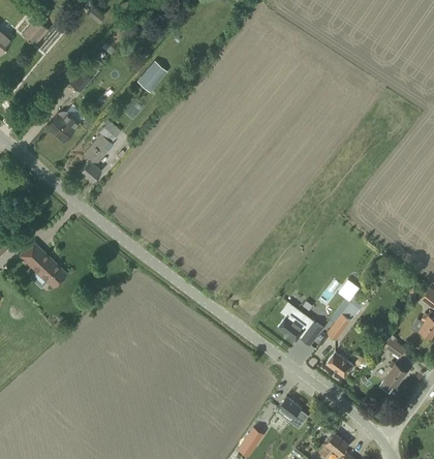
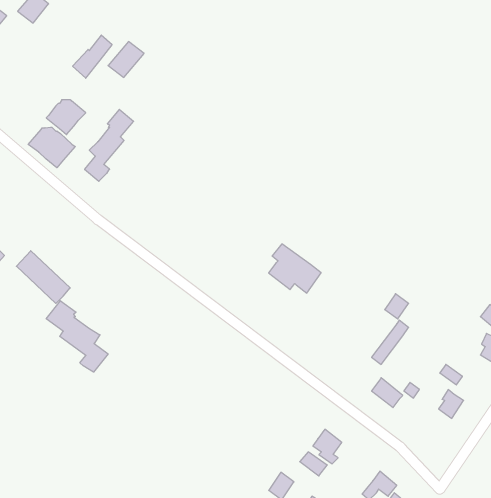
building: [136,61,167,92] -> [108,42,144,77]
building: none -> [28,127,75,168]
building: none -> [46,301,108,372]
building: [278,302,323,344] -> [269,244,321,293]

